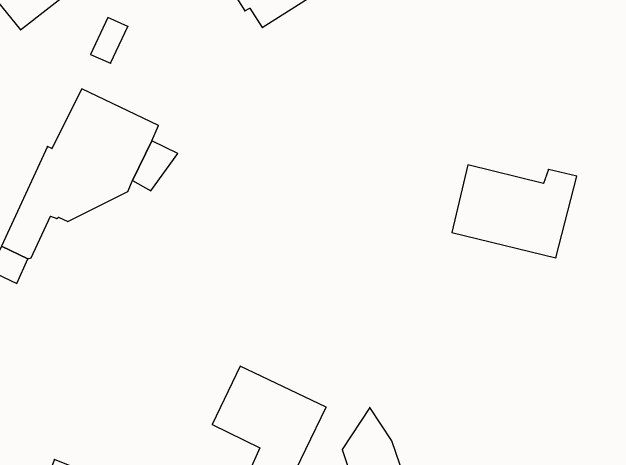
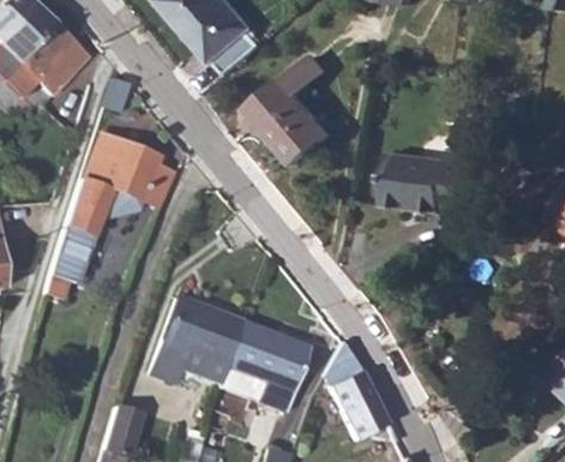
building: none -> [254,55,335,162]
building: none -> [150,299,244,386]

